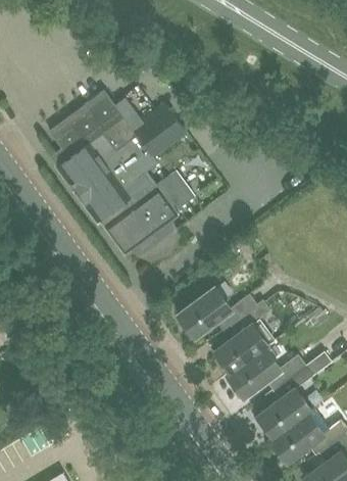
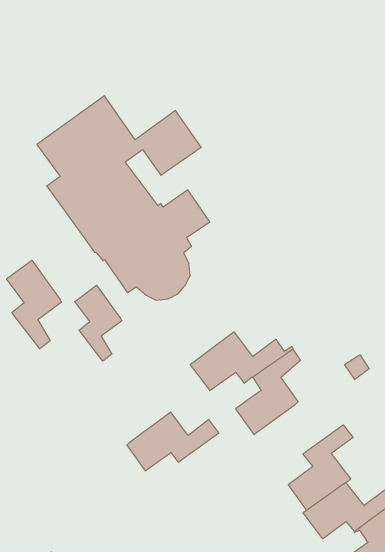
building: none -> [7,260,61,349]
building: none -> [75,285,122,361]
building: [229,347,305,396] -> [127,412,219,471]

